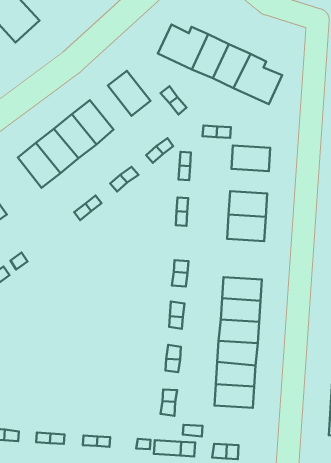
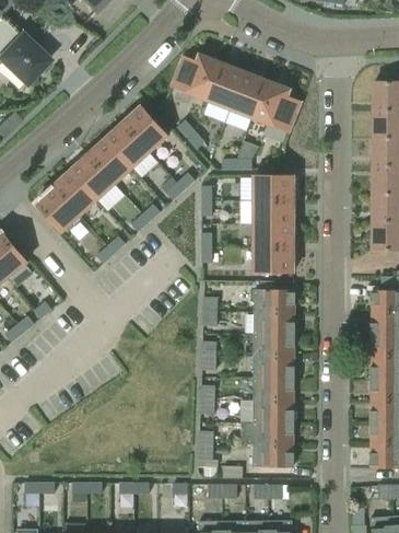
building: none -> [105,123,149,167]
building: none -> [255,200,293,223]
building: none -> [254,289,293,312]
building: none -> [253,444,292,466]

